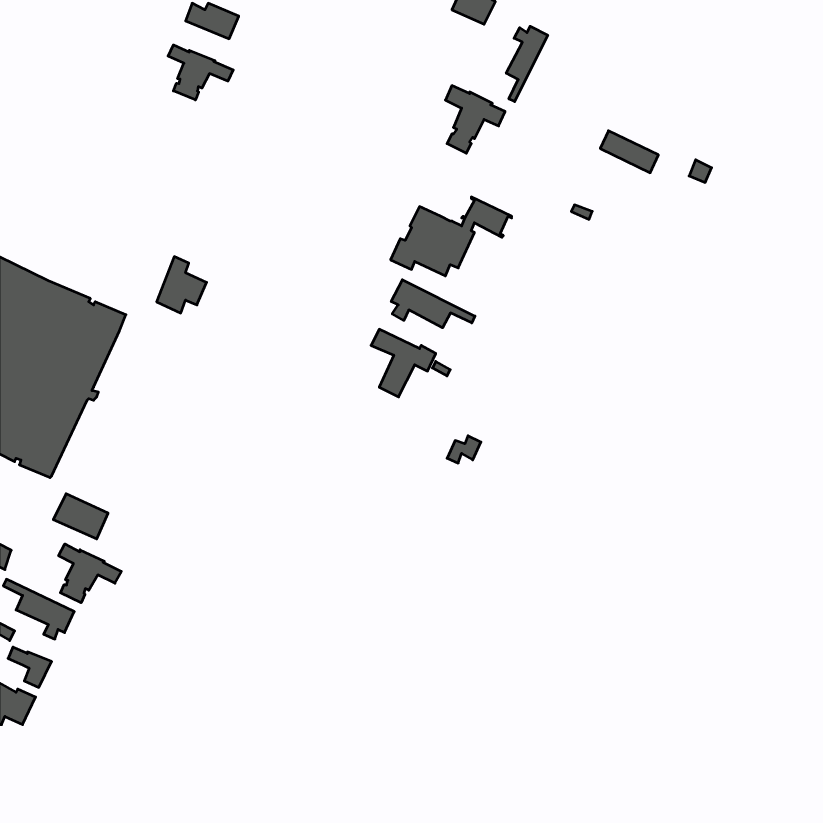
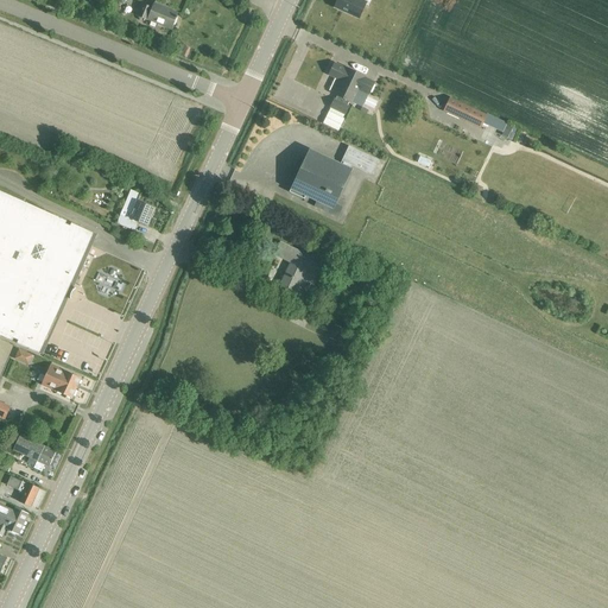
building: [506,26,548,102] -> none
building: [168,45,233,100] -> none
building: [391,280,475,328] -> none
building: [59,544,121,603] -> none

